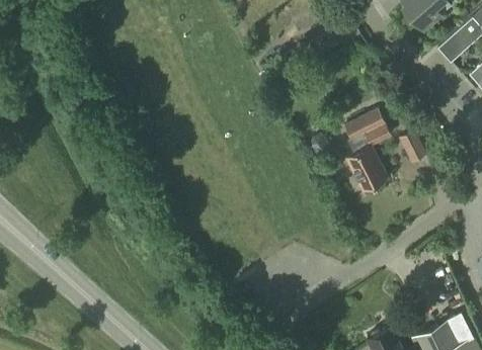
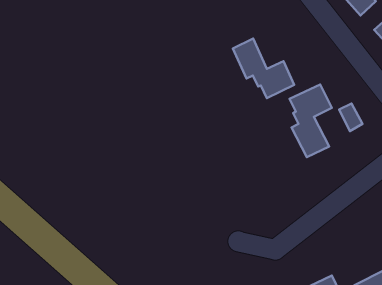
building: none -> [233,39,294,98]

